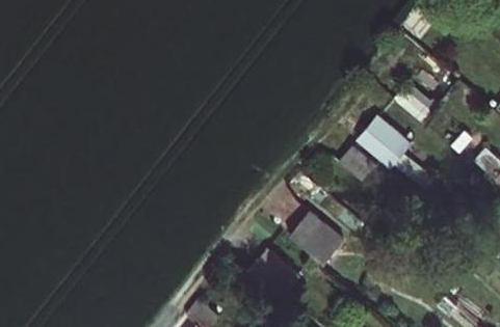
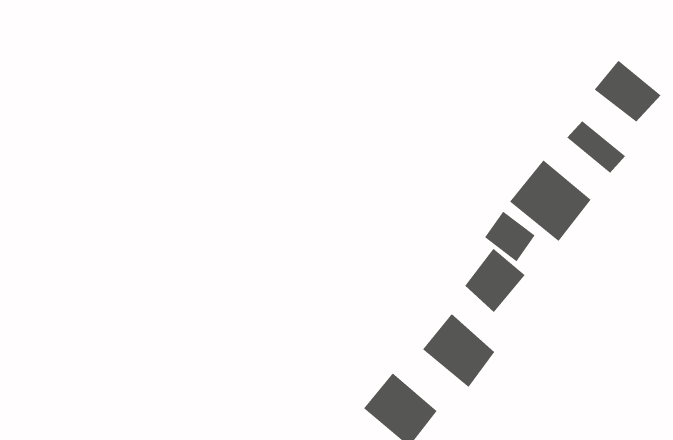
building: none -> [594,60,662,122]
building: none -> [464,248,526,313]

